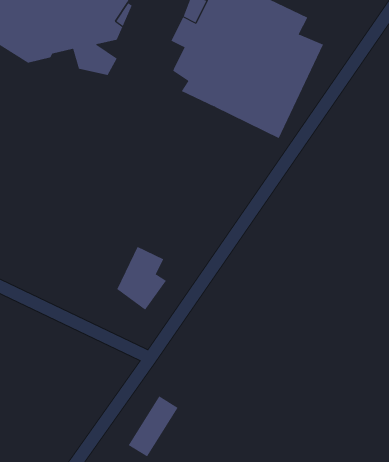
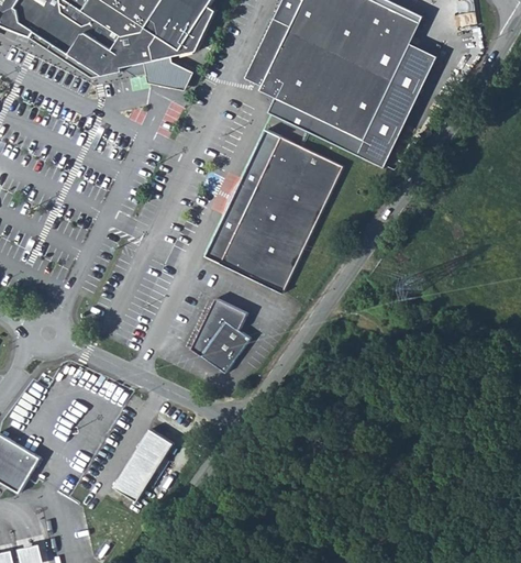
building: none -> [245,51,271,82]
building: none -> [208,128,345,289]
building: [128,396,178,457] -> [114,427,174,499]

